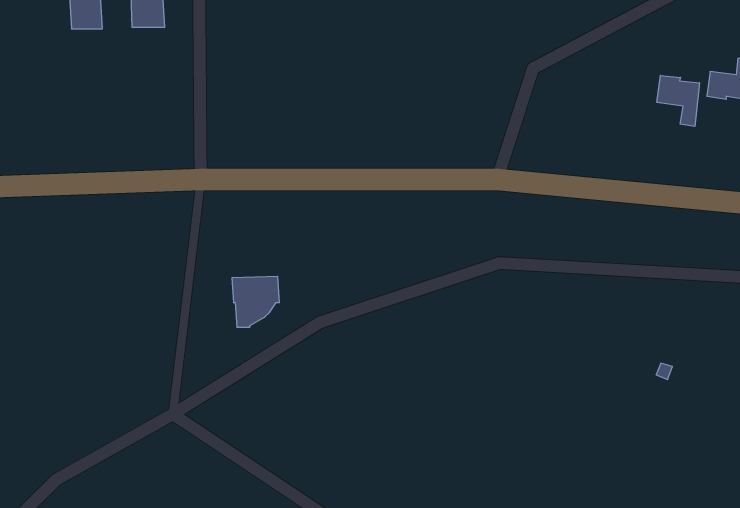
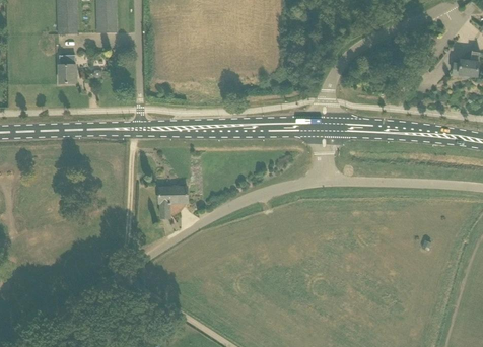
building: none -> [58,53,75,81]
building: [657,75,699,126] -> none

